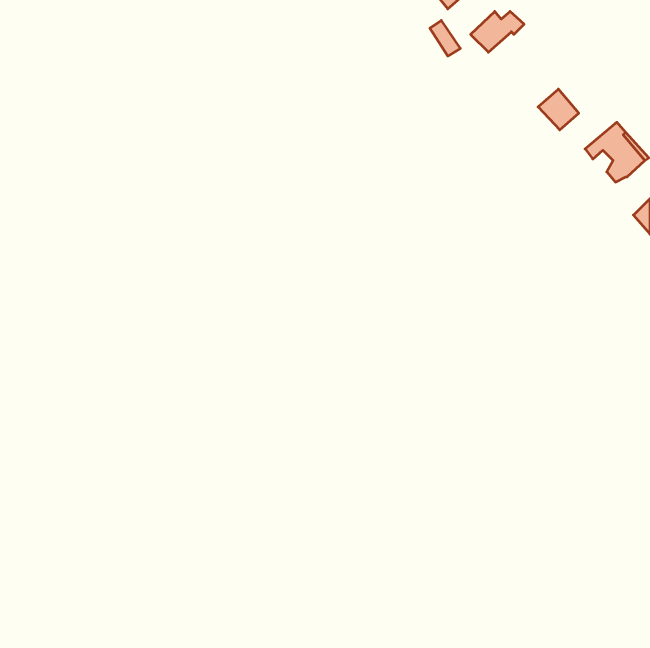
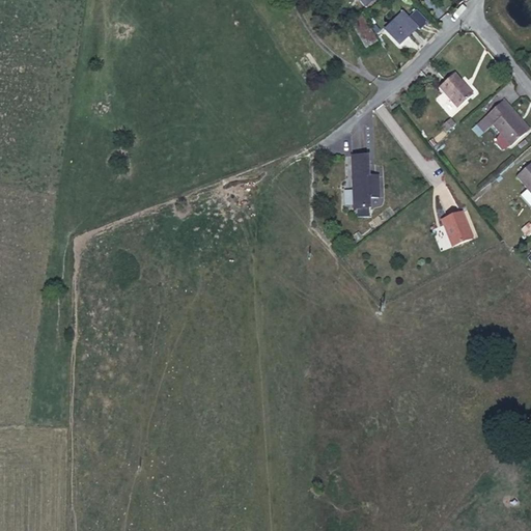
building: none -> [352,155,379,206]
building: none -> [441,211,472,246]

